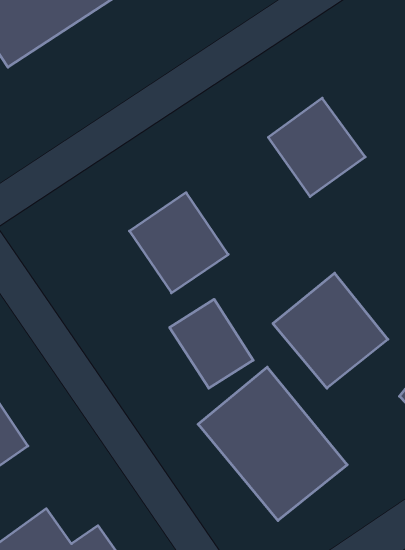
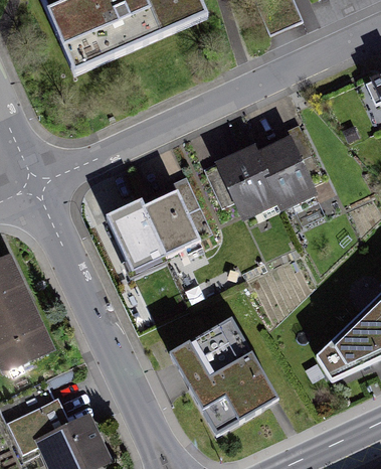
building: none -> [206,150,274,212]
building: [273,273,388,388] -> none
building: [170,299,253,388] -> [107,199,163,263]

